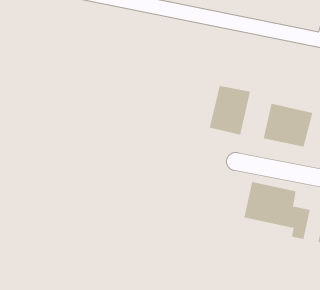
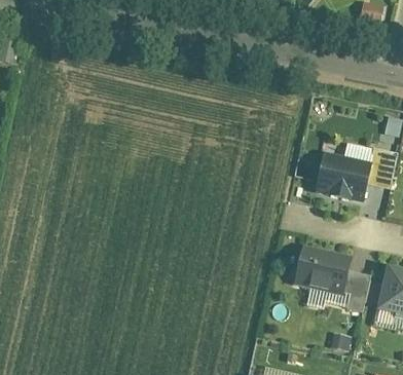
building: [209,85,251,136] -> none

